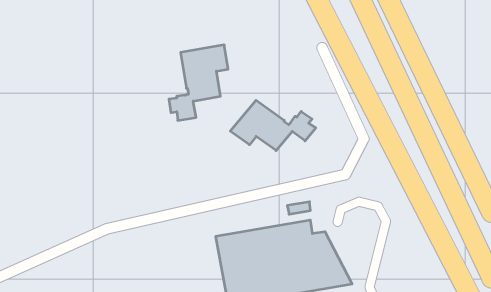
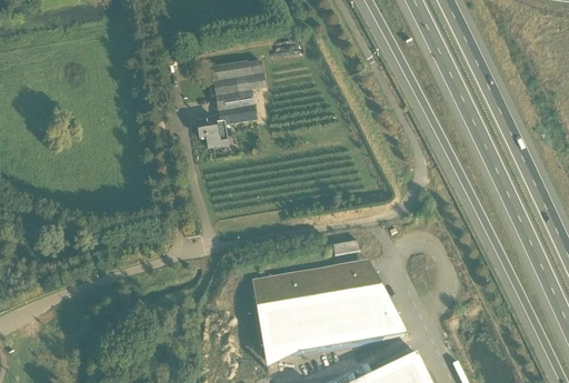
building: [230,100,316,151] -> none

